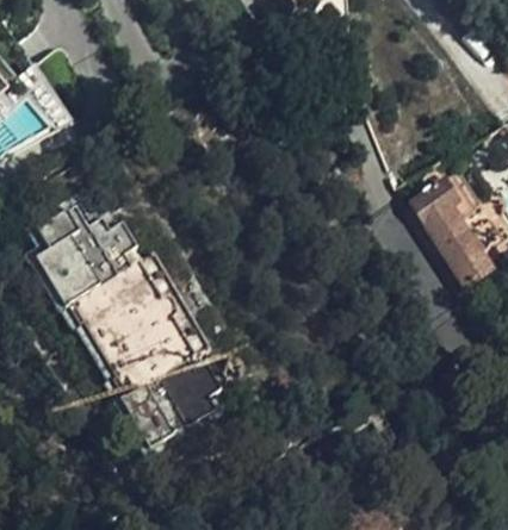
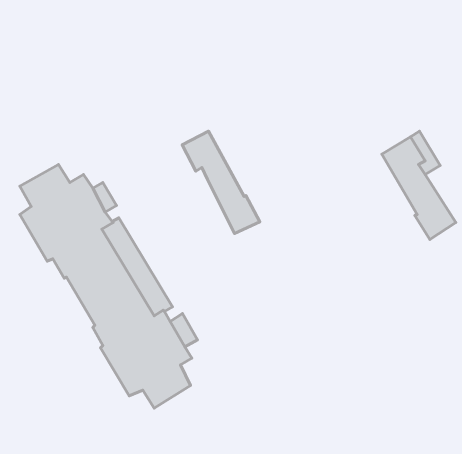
building: none -> [182,131,260,234]

